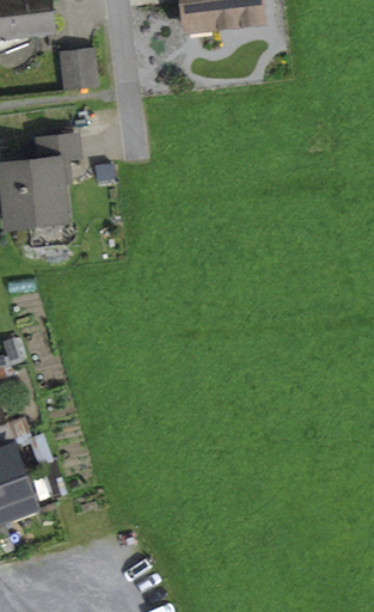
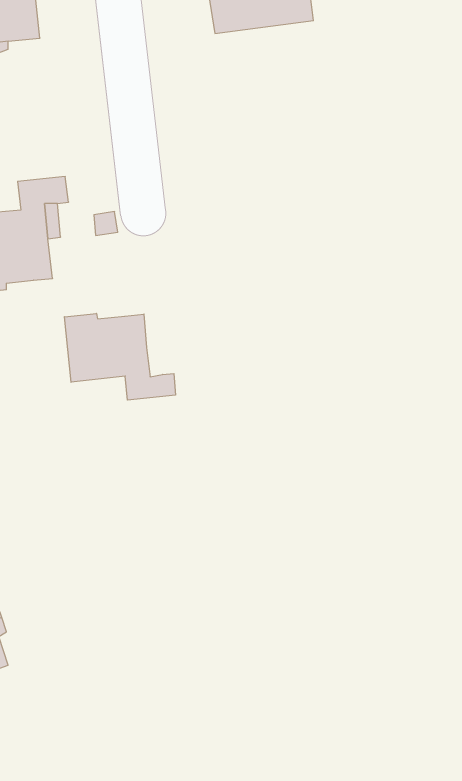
building: [60,48,97,91] -> none
building: none -> [64,313,175,400]

